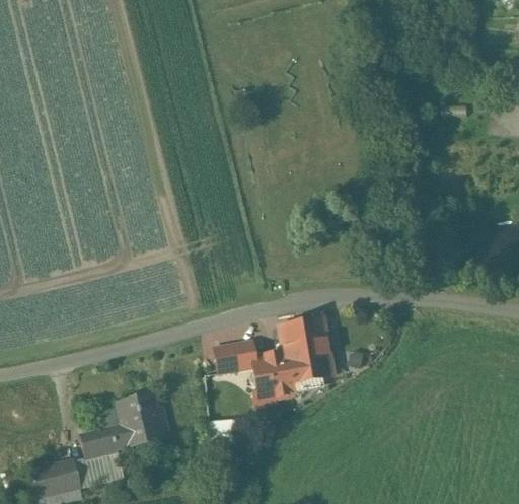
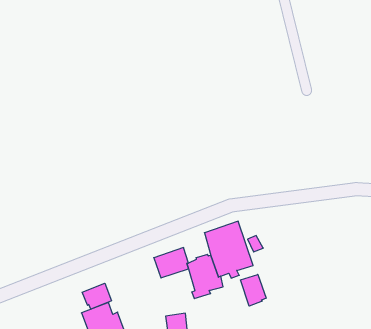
building: none -> [82,283,112,309]
building: none -> [241,274,266,306]

